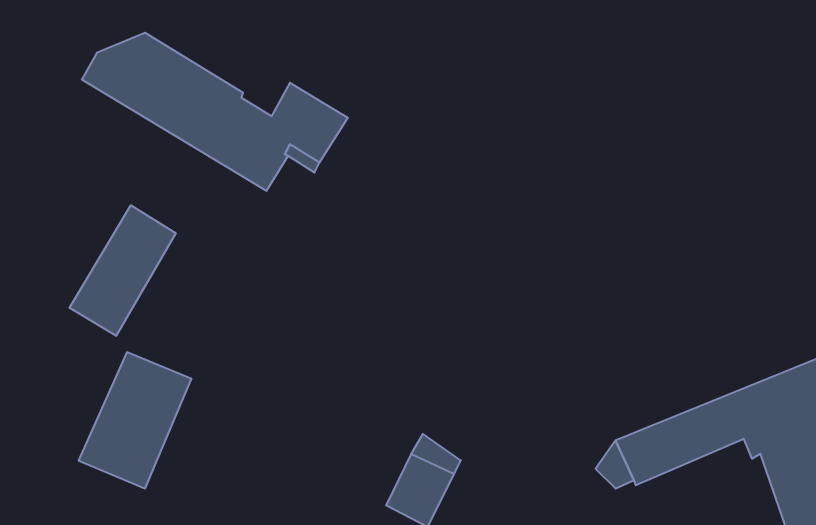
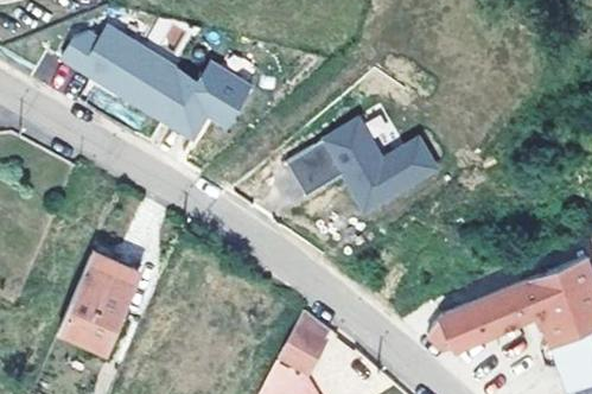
building: none -> [285,121,434,212]
building: [69,205,176,336] -> none

